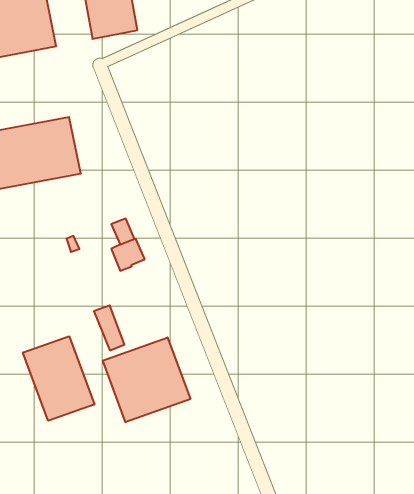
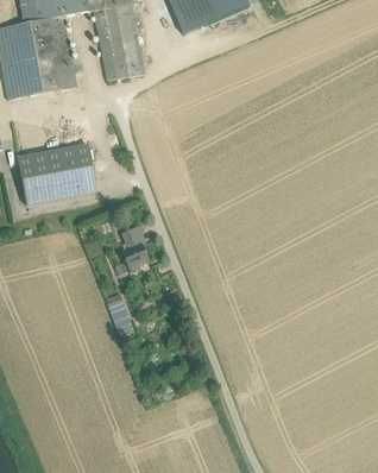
building: [23,336,94,421] -> none
building: [103,337,190,422] -> none

